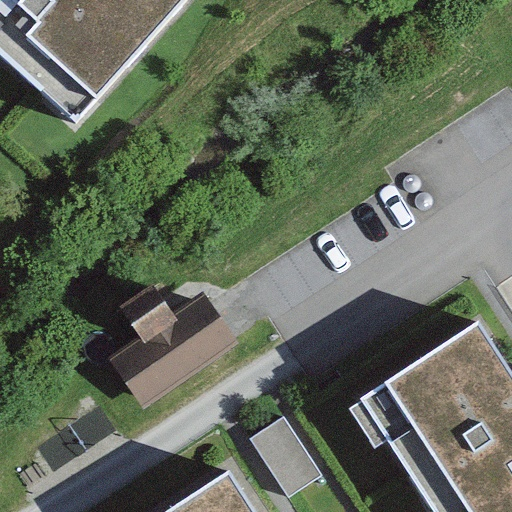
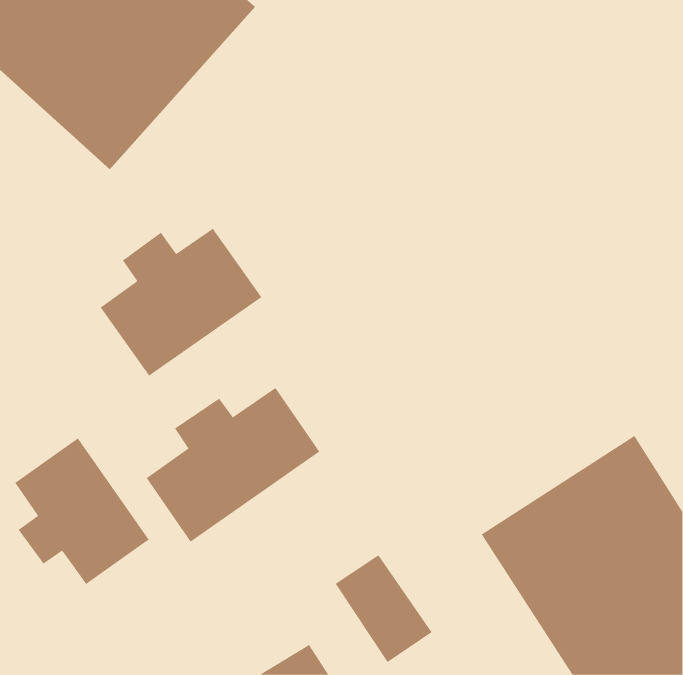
building: none -> [100,228,262,377]
building: none -> [14,437,150,585]

